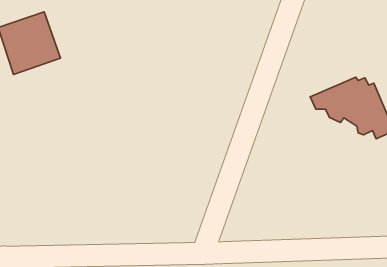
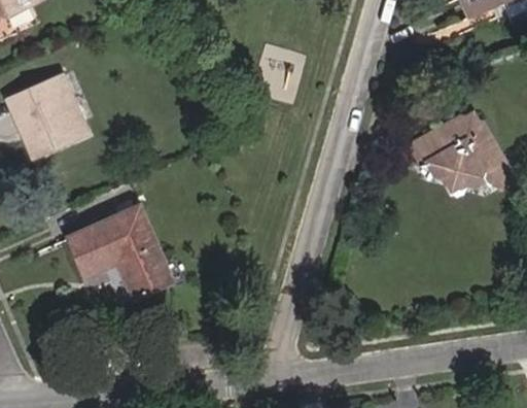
building: none -> [67,206,170,299]

